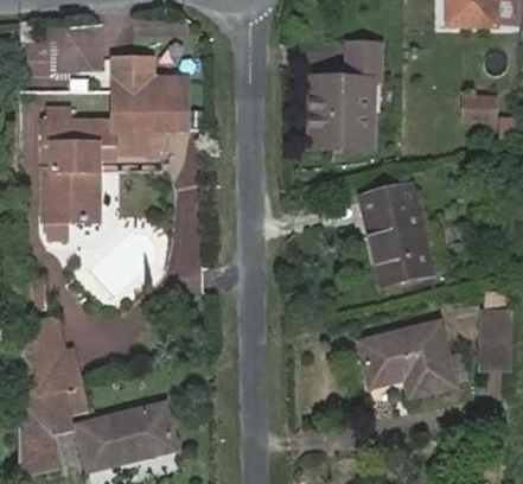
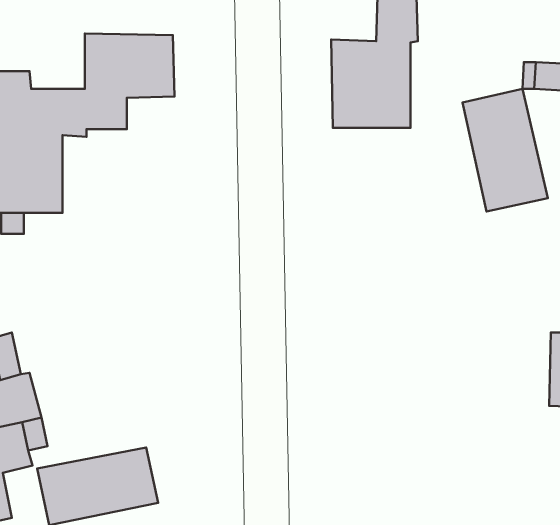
building: [365,187,433,285] -> [463,89,548,211]
building: [362,324,455,395] -> none

